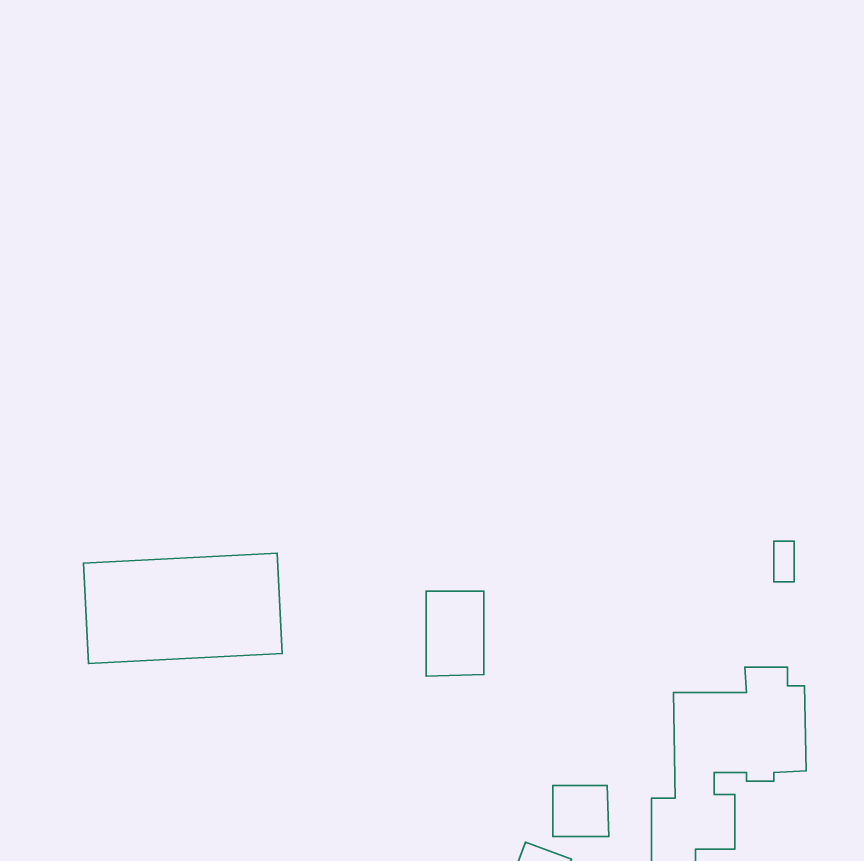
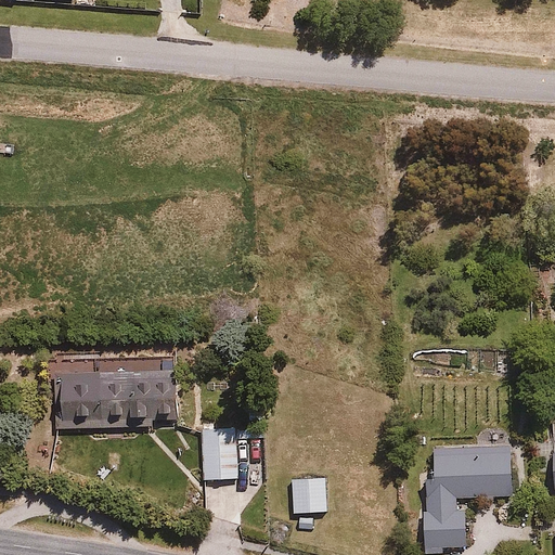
building: [426,591,484,676] -> [197,426,234,480]
building: [553,786,609,837] -> [291,480,326,513]

